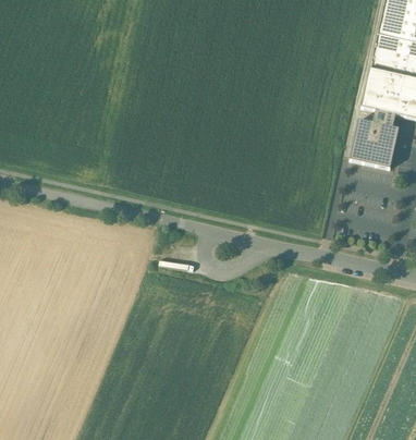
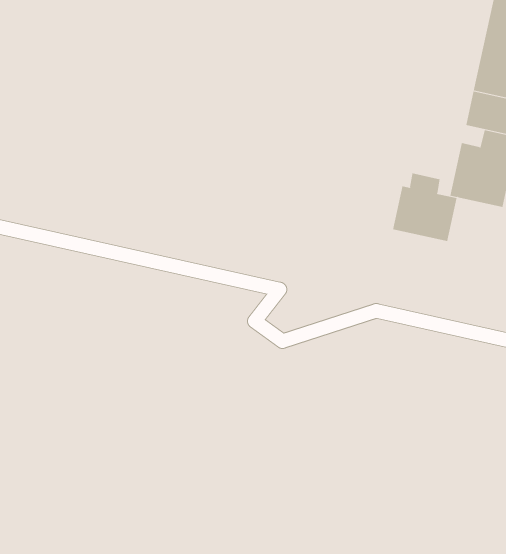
building: none -> [393,173,457,242]

